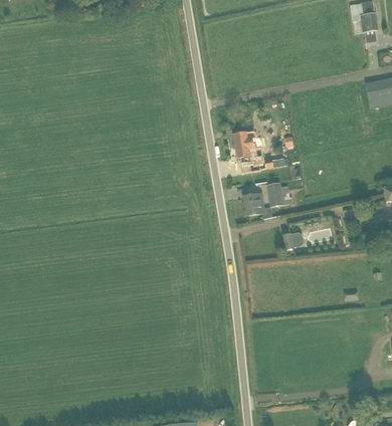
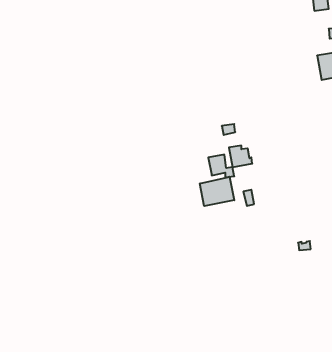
building: [233,131,255,157] -> none
building: none -> [200,177,234,206]

